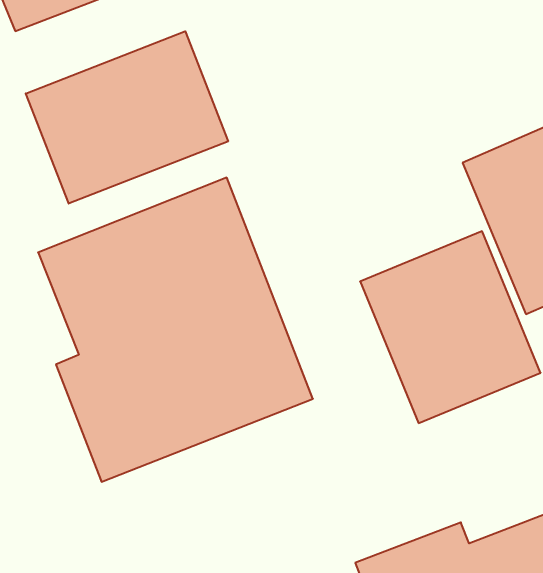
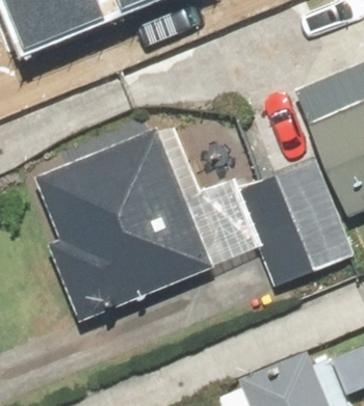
building: [26,31,228,204] -> none

